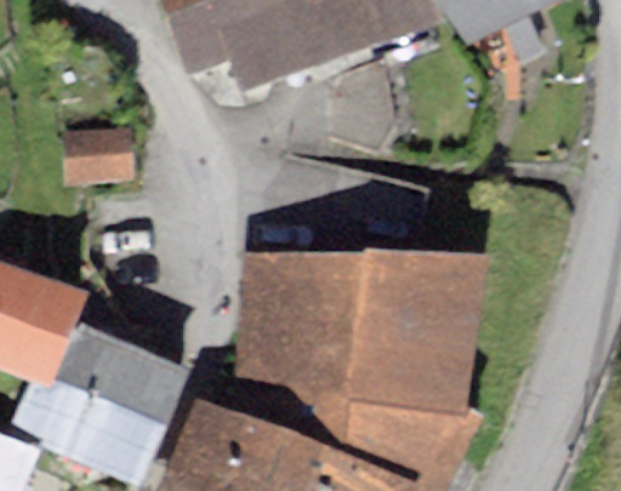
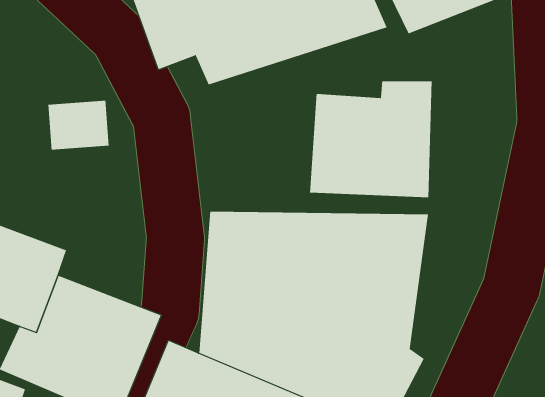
building: none -> [309,81,432,198]

